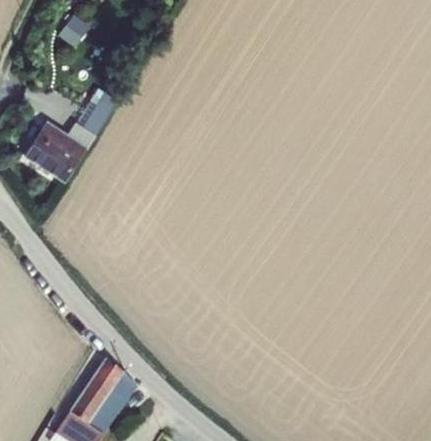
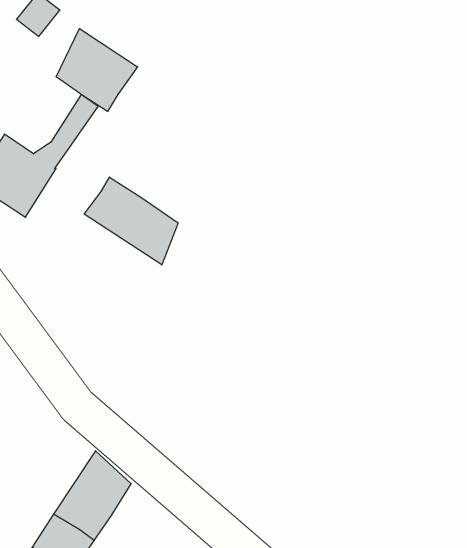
building: none -> [56,29,138,111]
building: none -> [84,177,178,265]

